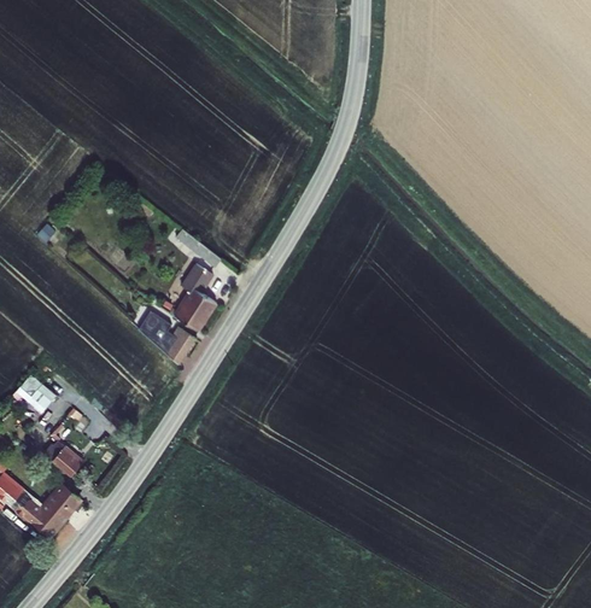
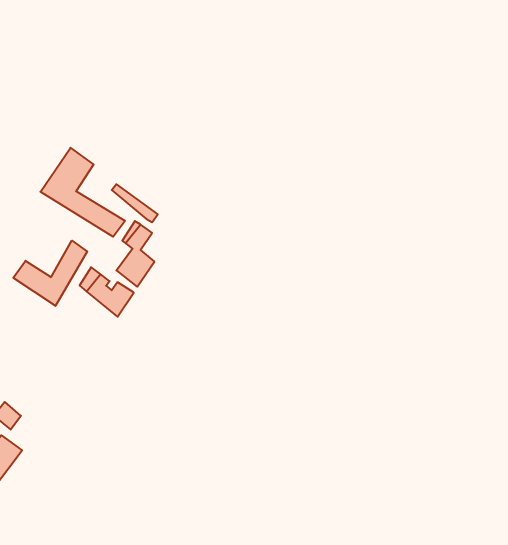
building: none -> [40,148,125,237]
building: none -> [13,241,87,306]

